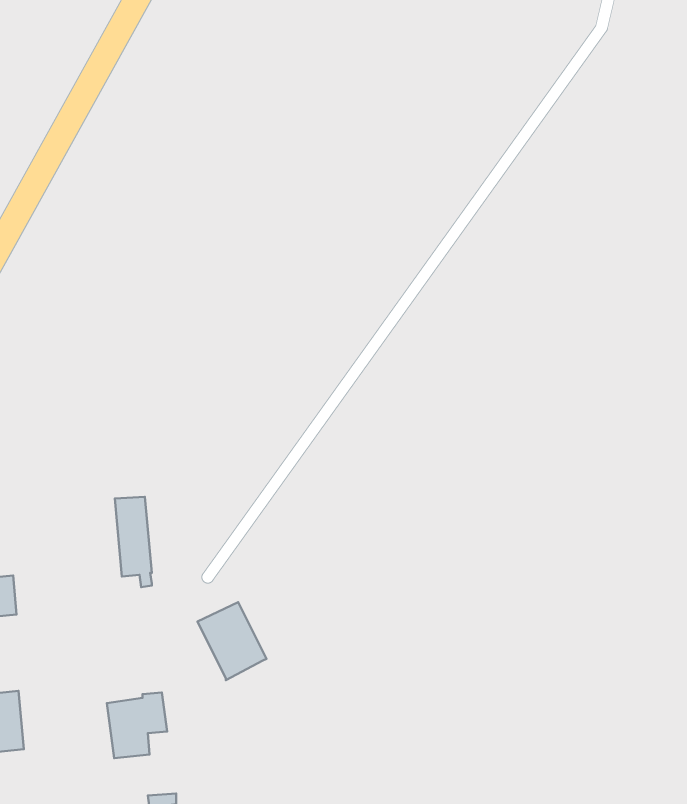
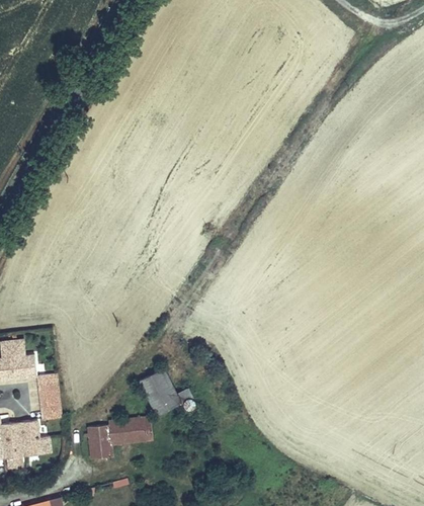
building: [115,497,152,587] -> [39,373,61,425]
building: none -> [119,417,153,443]

